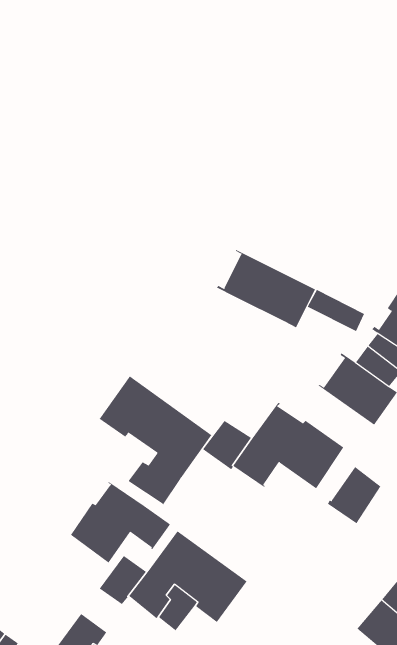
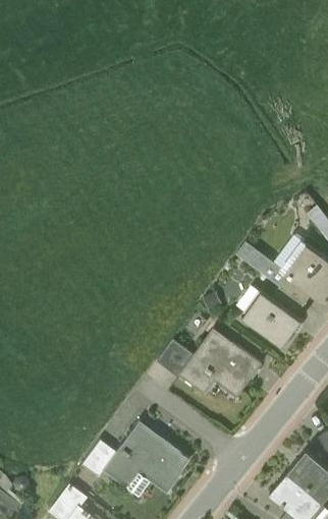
building: [216,249,316,328] -> none
building: [99,375,212,506] -> none
building: [327,466,381,524] -> none
building: [70,481,171,564] -> none

